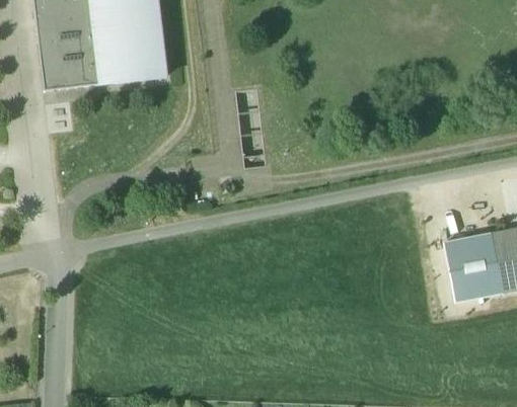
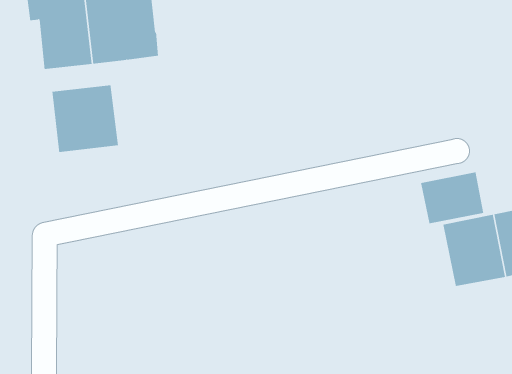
building: none -> [52,85,119,153]
building: none -> [420,172,484,224]

